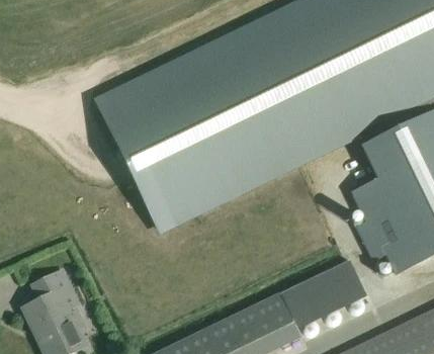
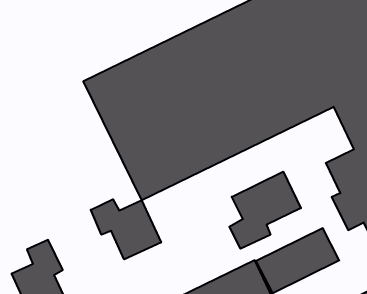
building: none -> [229,172,301,249]
building: none -> [91,199,161,259]

